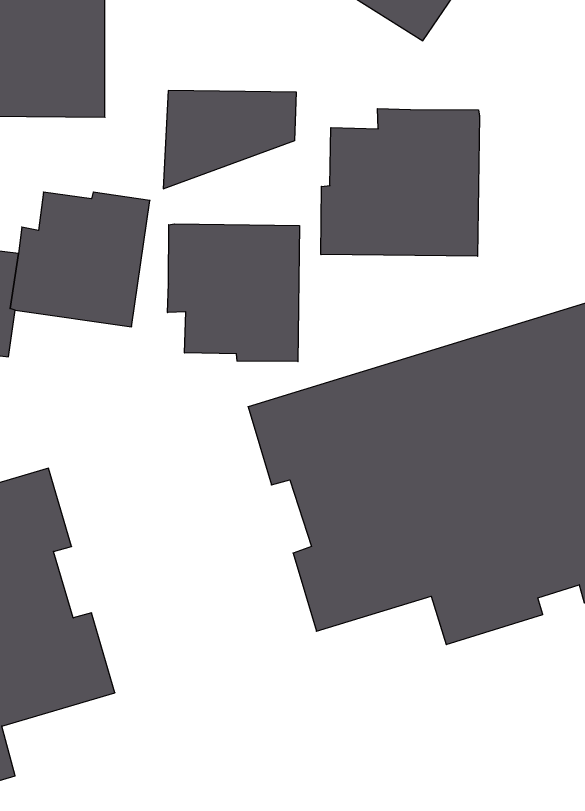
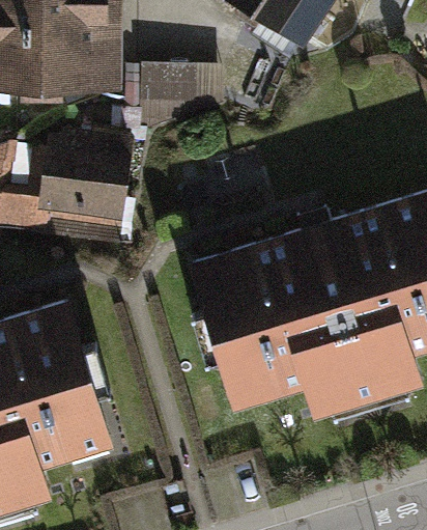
building: [321,109,479,256] -> none
building: [168,224,299,362] -> none

